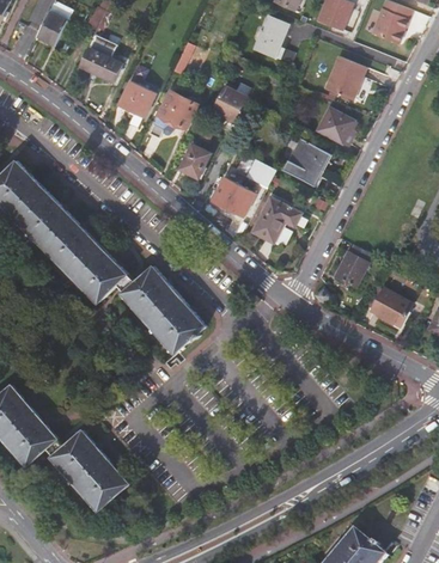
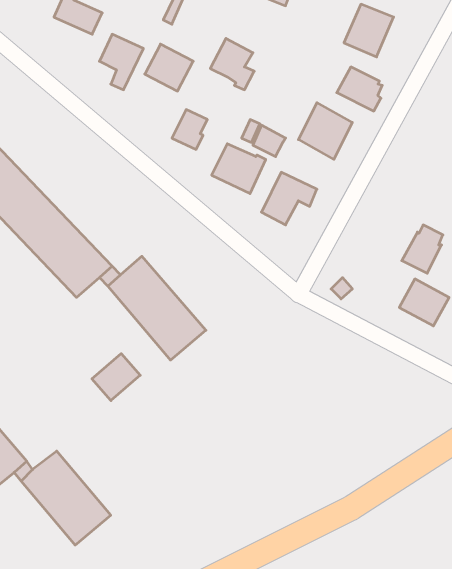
building: [335,245,370,286] -> [402,225,443,273]
building: none -> [92,354,140,401]

